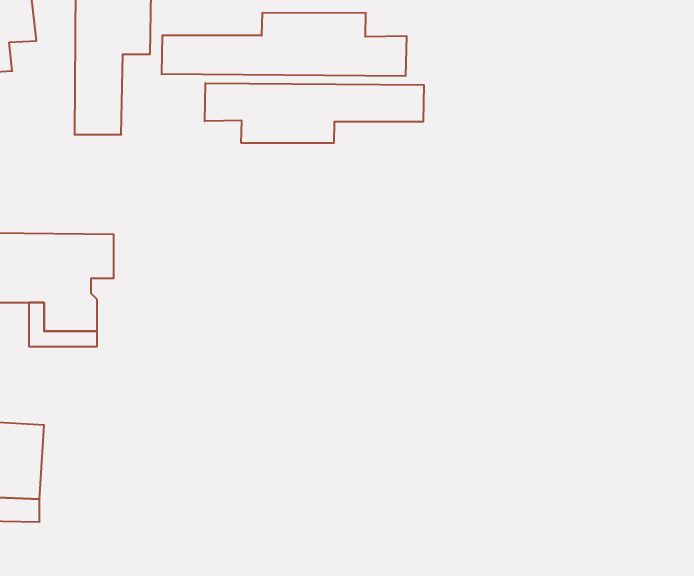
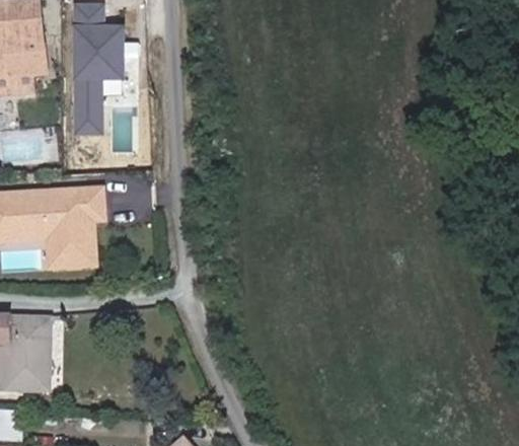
building: [162,13,406,76] -> none
building: [205,83,424,143] -> none

